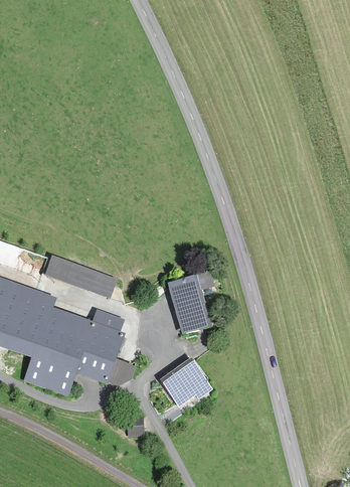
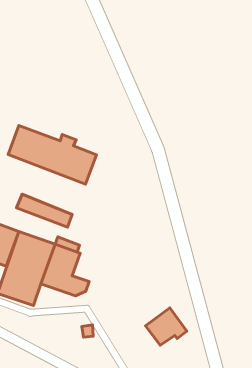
building: none -> [8,125,96,184]
building: [169,269,212,338] -> none
building: [160,361,211,408] -> [146,308,187,345]

